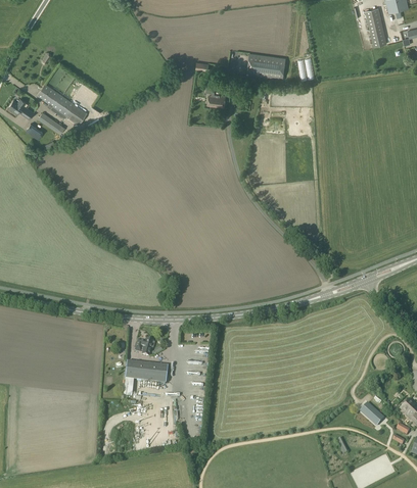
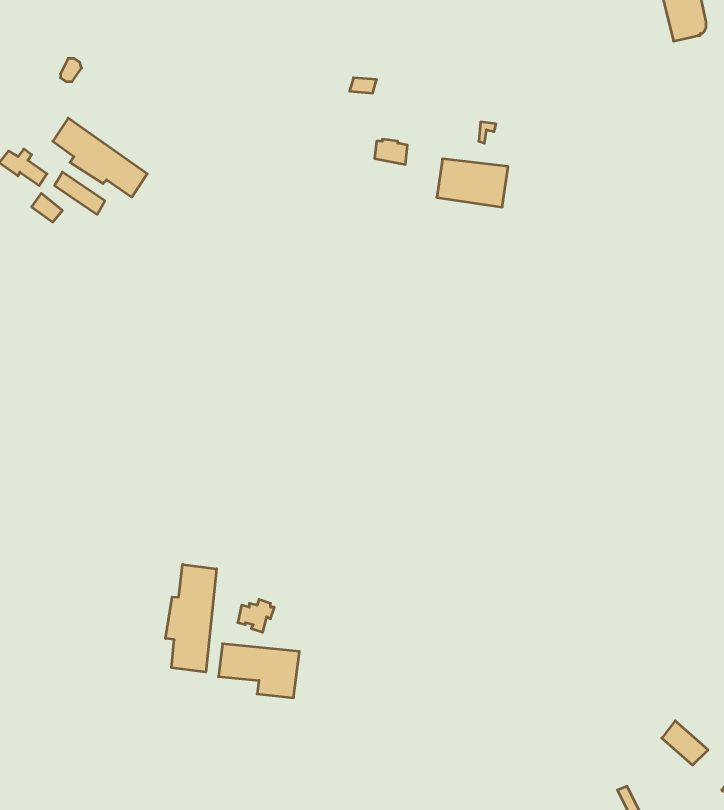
building: [247,53,285,79] -> [437,159,508,207]
building: none -> [166,564,217,672]

